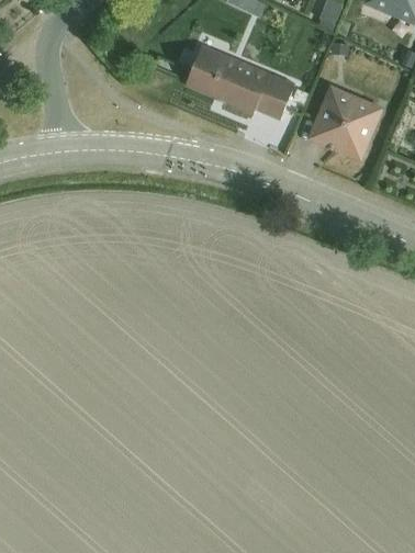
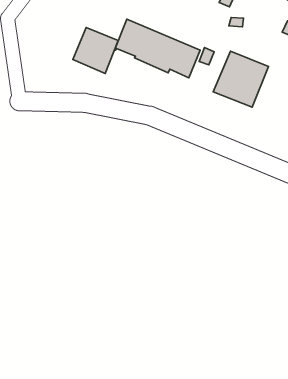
building: none -> [73,27,118,73]

